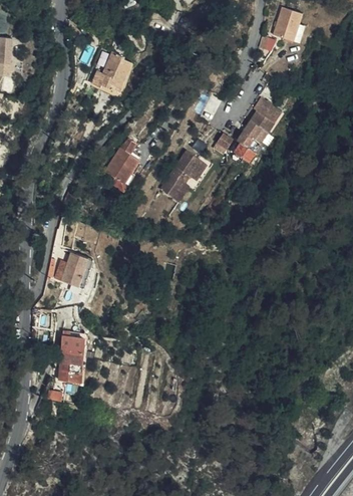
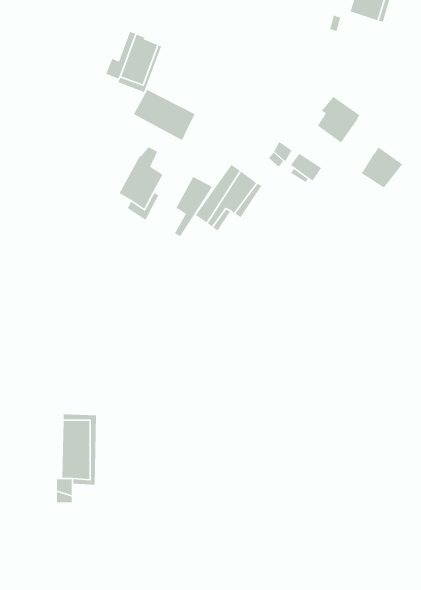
building: none -> [133,89,196,141]
building: [235,121,266,153] -> [361,146,403,189]
building: none -> [174,176,213,237]
building: [58,252,89,289] -> none

